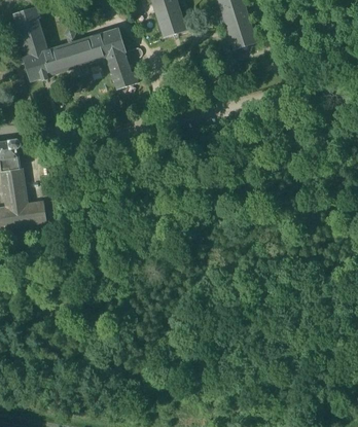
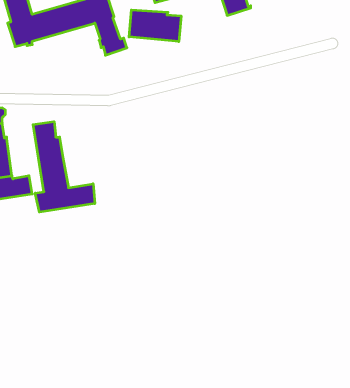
building: none -> [129,10,181,42]
building: none -> [33,122,95,212]

